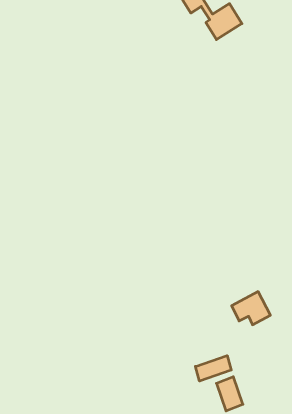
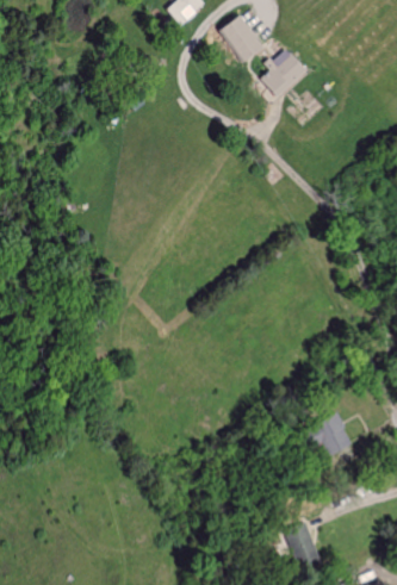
building: [195,356,231,381] -> none

